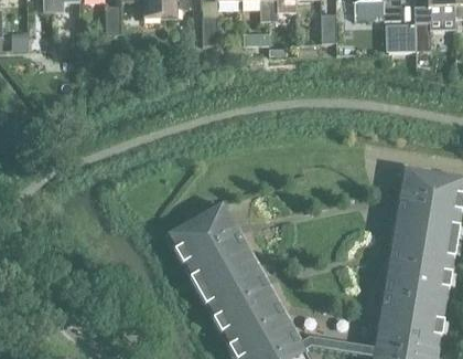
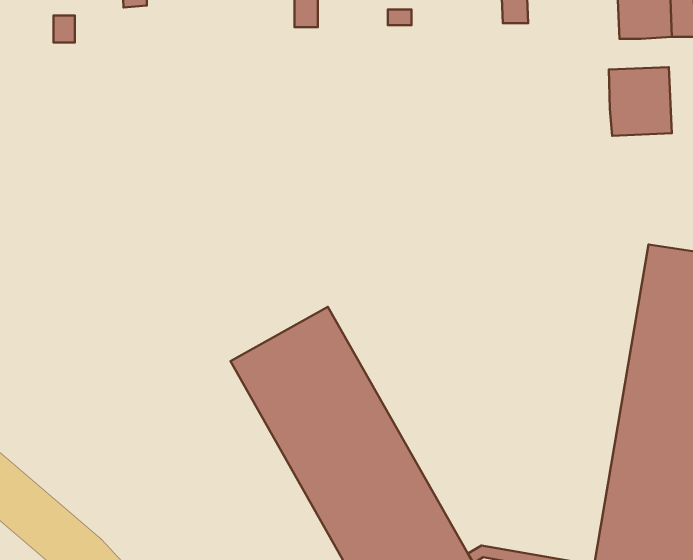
building: none -> [609,67,672,136]

